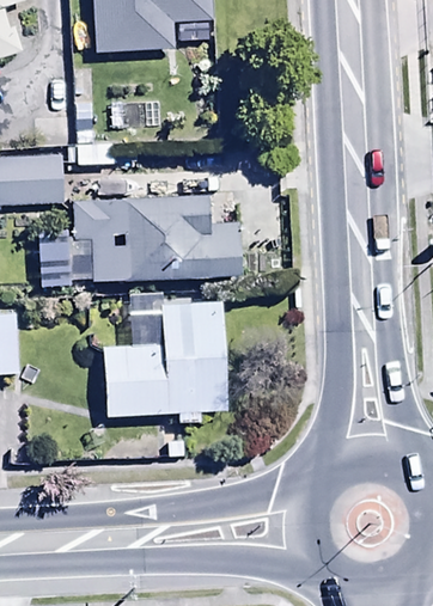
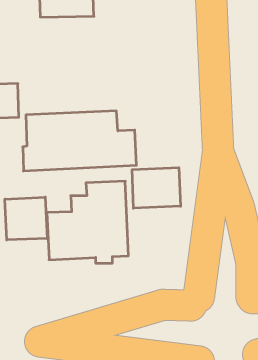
building: none -> [132,168,181,208]
building: none -> [5,197,47,240]

